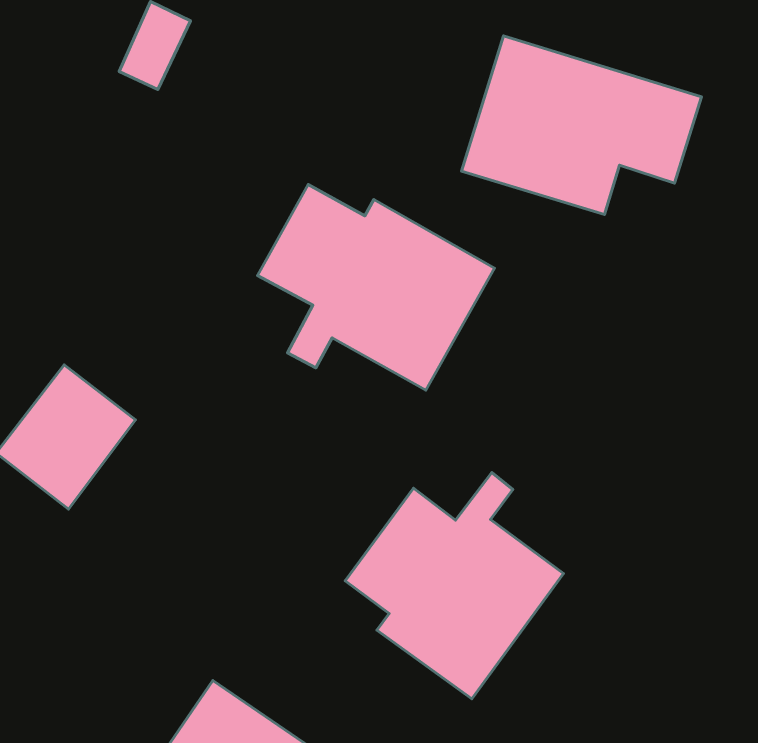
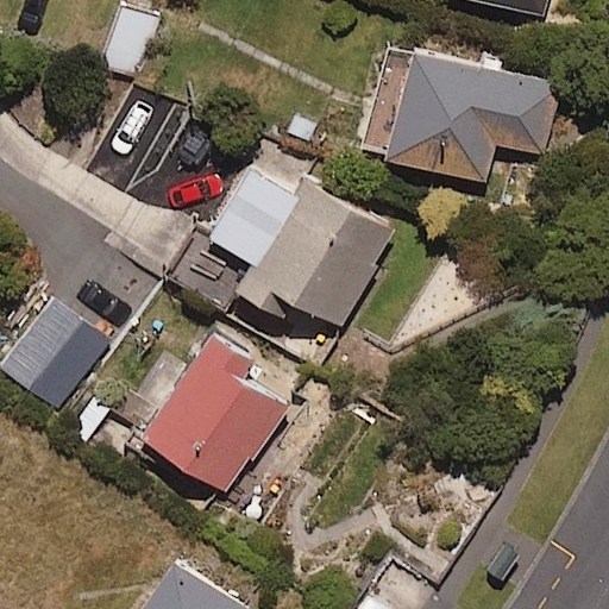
building: none -> [136,329,288,496]
building: [345,473,563,699] -> none

